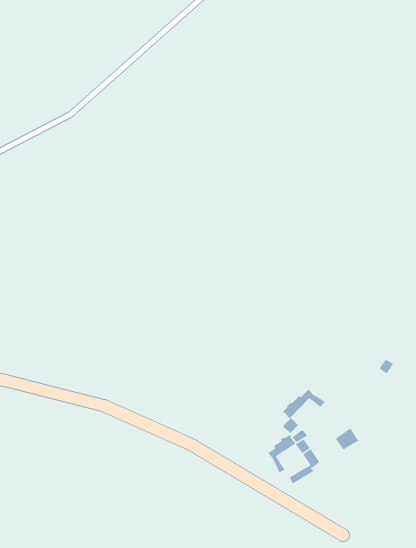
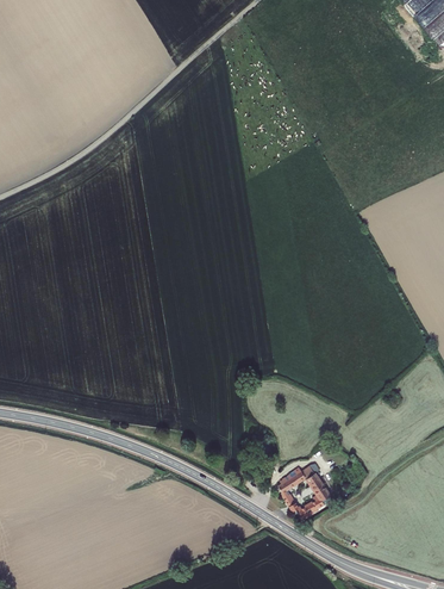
building: [281,389,326,434] -> none

